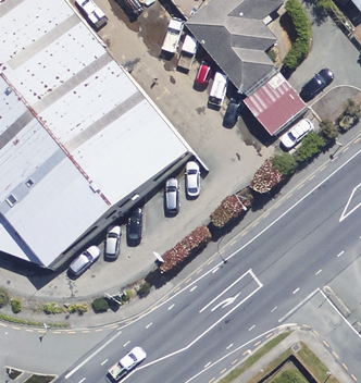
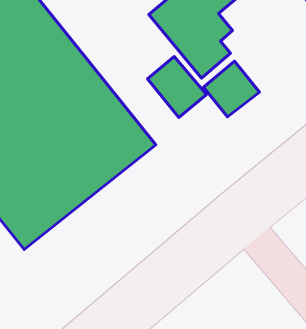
building: none -> [148,57,206,117]

